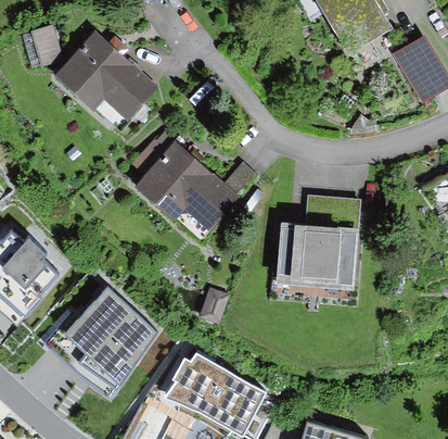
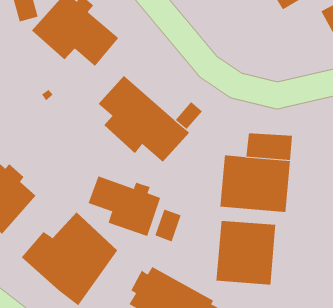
building: none -> [88,175,161,237]
building: none -> [216,220,276,286]

